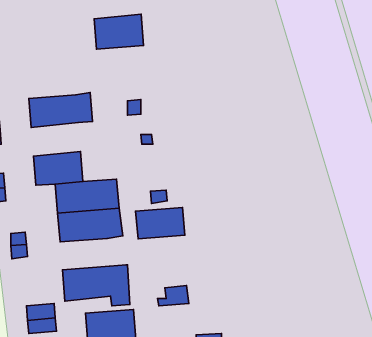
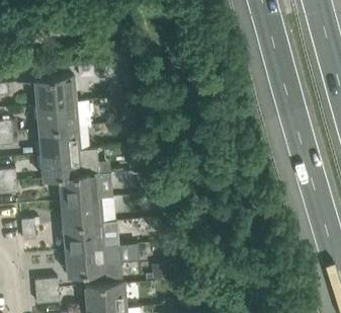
building: [94,14,143,49] -> [34,77,76,106]
building: none -> [38,127,80,155]
building: [136,207,185,239] -> [63,224,104,250]

